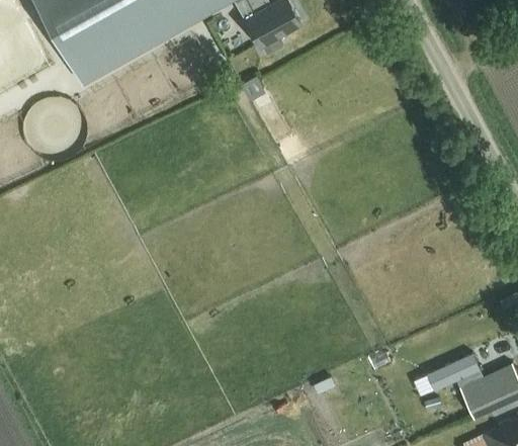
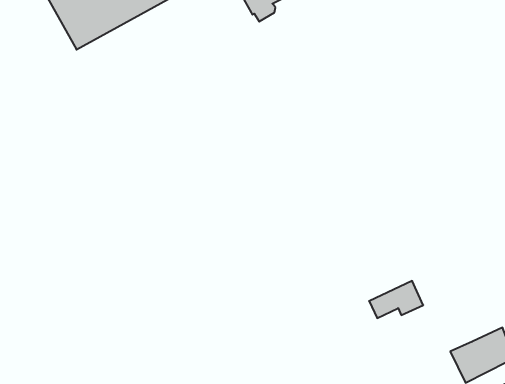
building: [426,355,481,392] -> [369,281,423,318]

